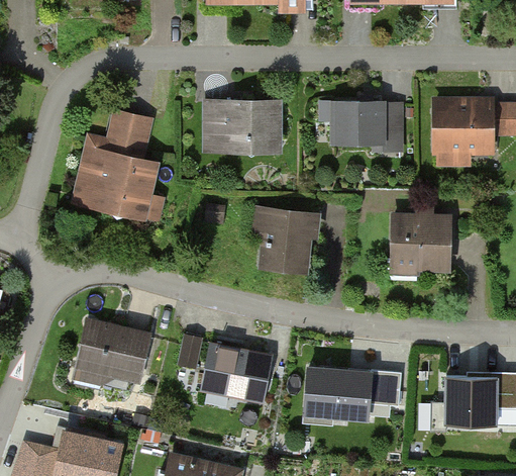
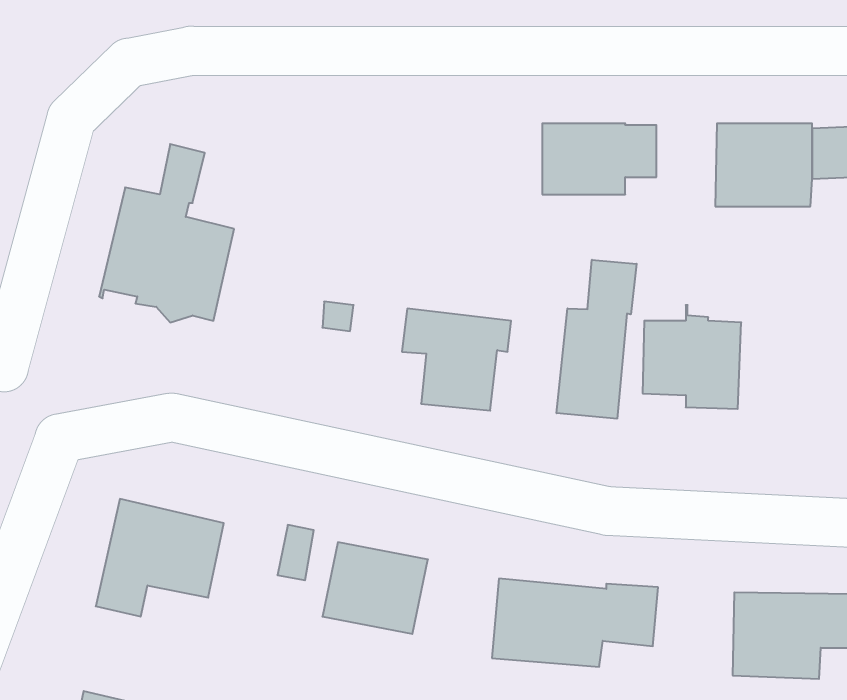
building: [206,102,278,148] -> none
building: none -> [557,260,637,419]

